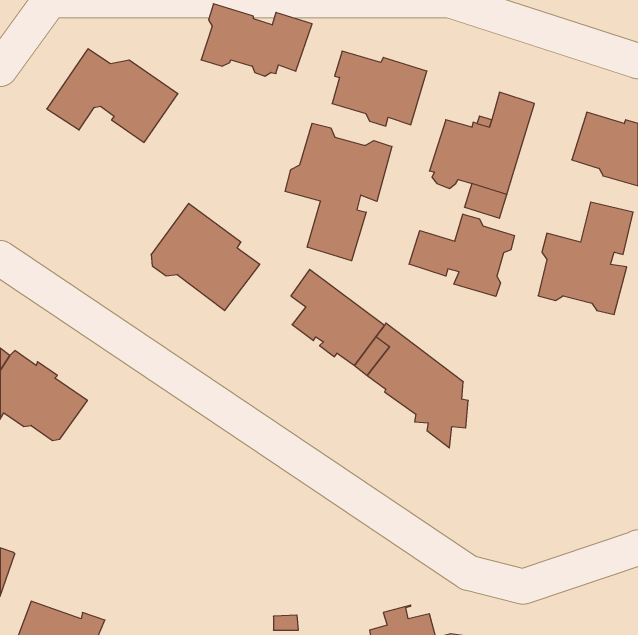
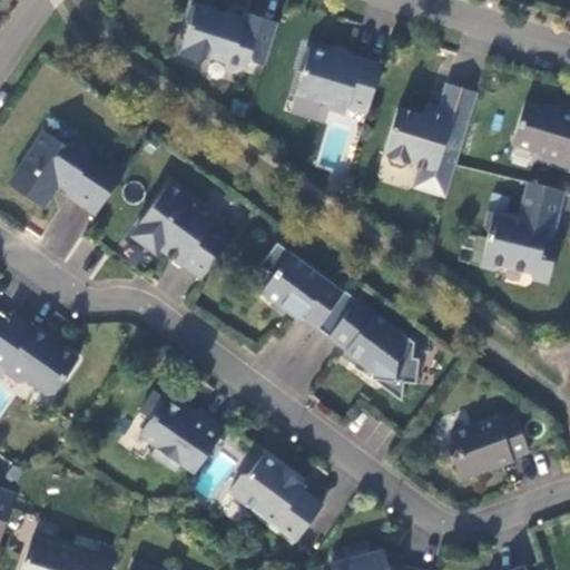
building: [47,49,178,142] -> [8,131,125,215]
building: [285,123,392,261] -> none
building: [409,214,515,296] -> none
building: none -> [138,391,226,474]
building: none -> [450,414,528,480]
building: none -> [225,459,318,546]

